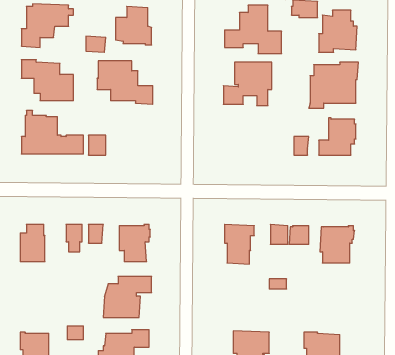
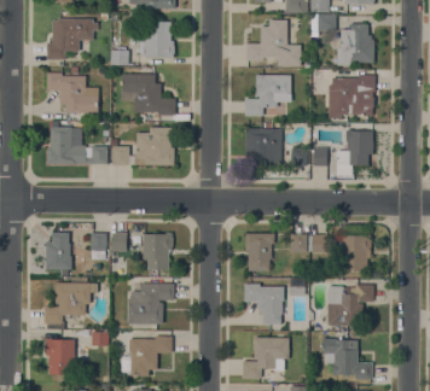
building: none -> [134,127,174,165]
building: none -> [245,128,307,165]
building: none -> [43,282,97,329]
building: none -> [244,284,284,325]
building: none -> [327,284,373,326]

